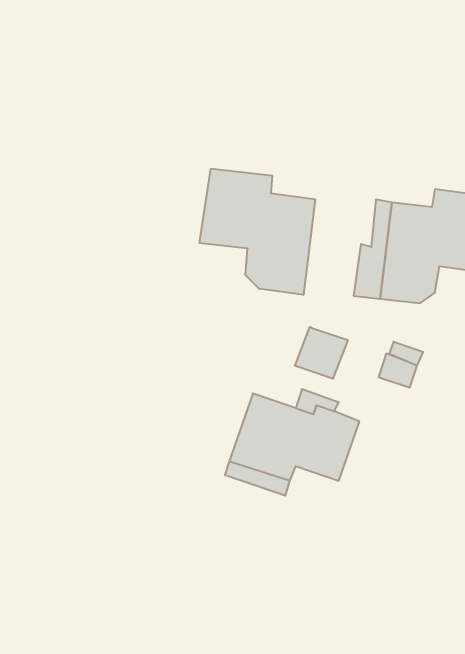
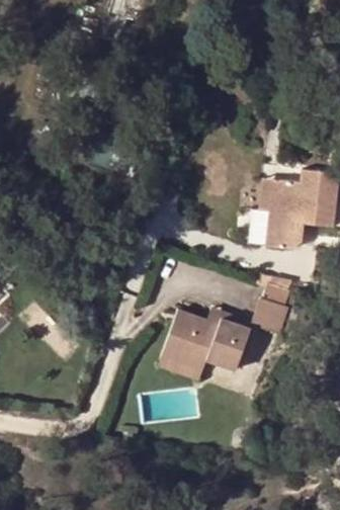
building: [200,169,315,295] -> none
building: [295,327,348,379] -> [250,299,286,334]

